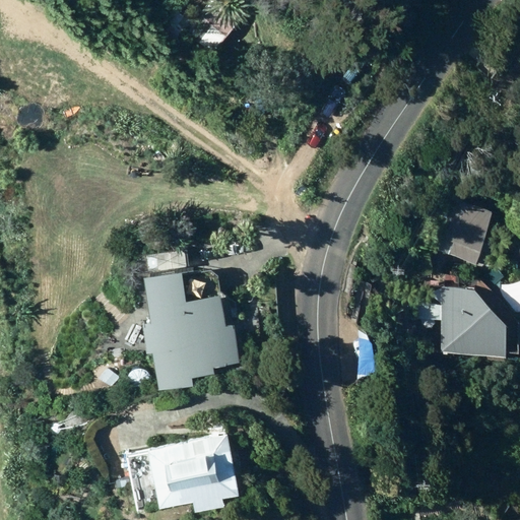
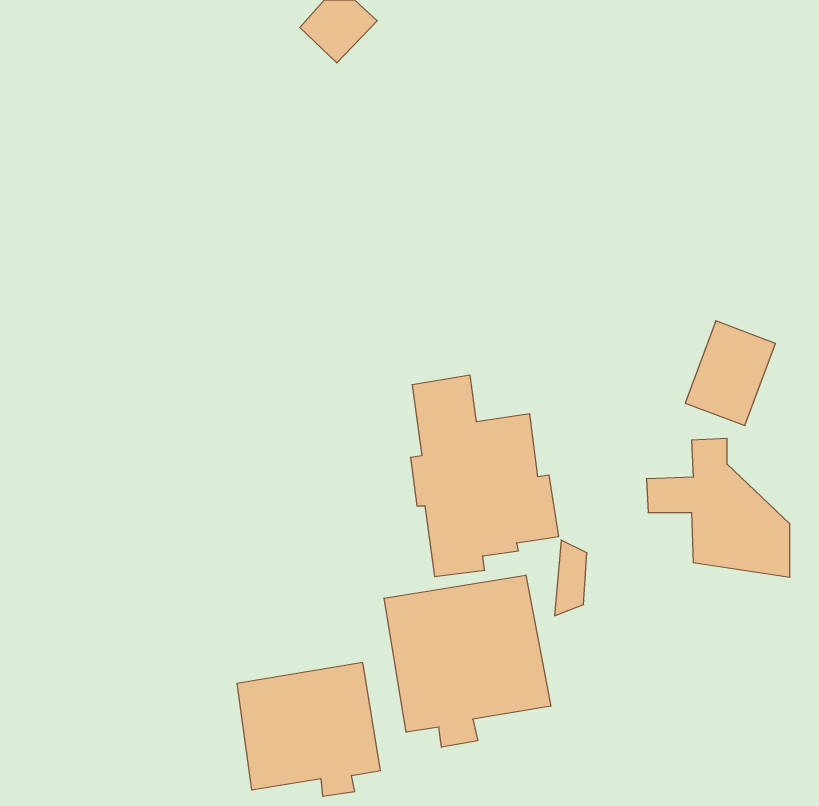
building: [145,259,239,386] -> [410,375,559,577]
building: none -> [384,575,551,747]

